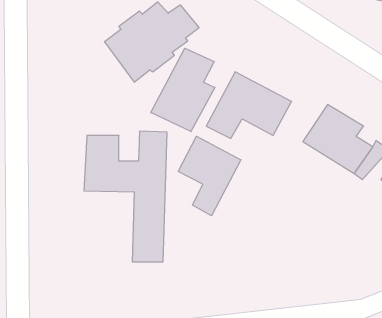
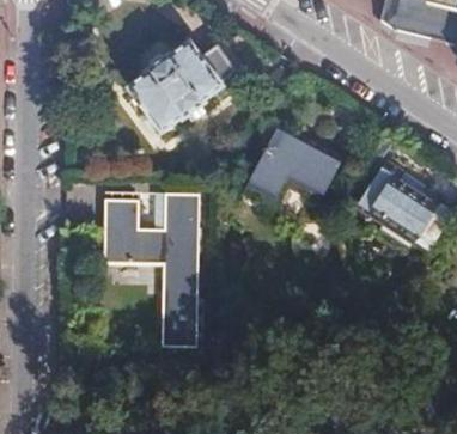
building: [151,48,215,132] -> none
building: [178,136,241,216] -> none

